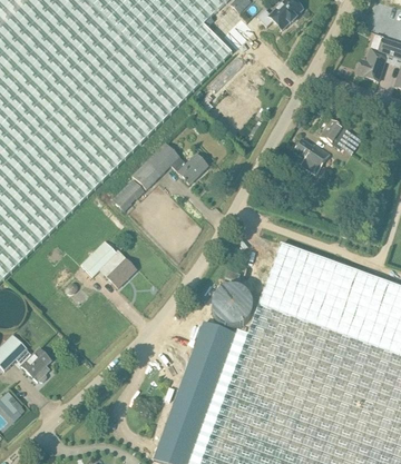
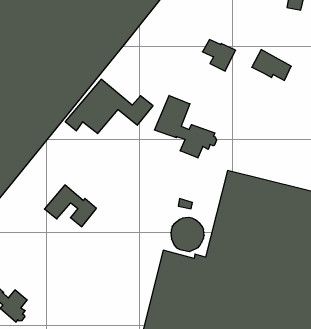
building: [293,138,329,174] -> [202,40,236,71]
building: none -> [154,95,217,158]
building: [111,178,145,211] -> none

